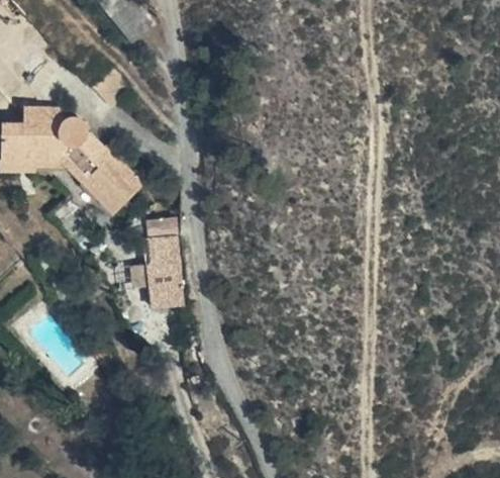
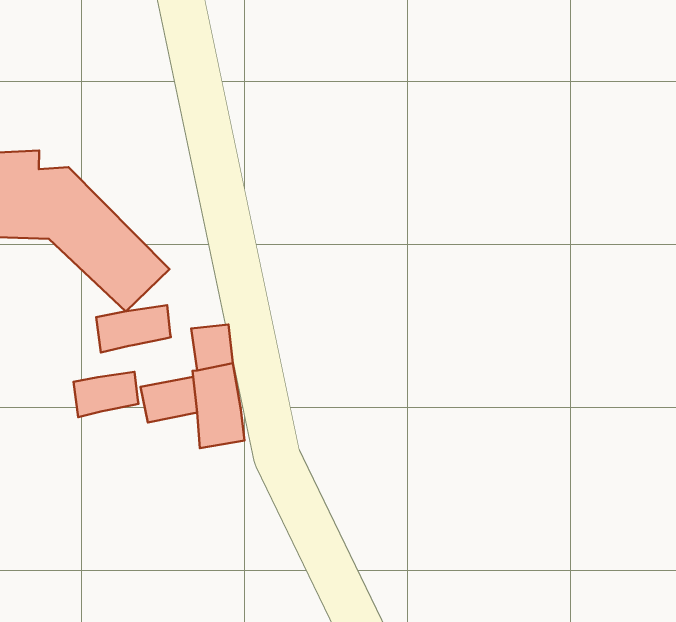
building: none -> [96,305,171,353]
building: none -> [73,372,139,417]

